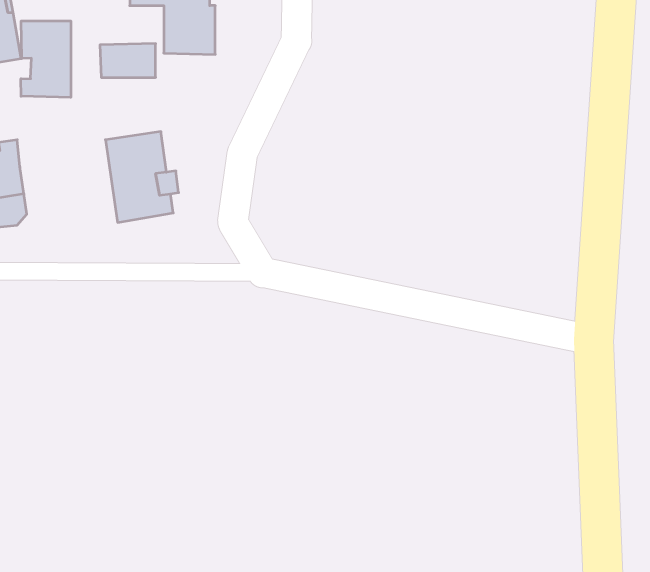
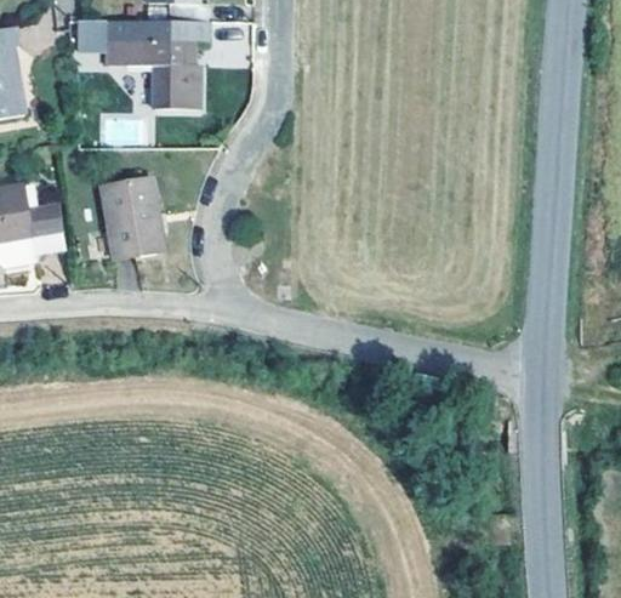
building: [21,21,71,97] -> none
building: none -> [24,205,67,254]

